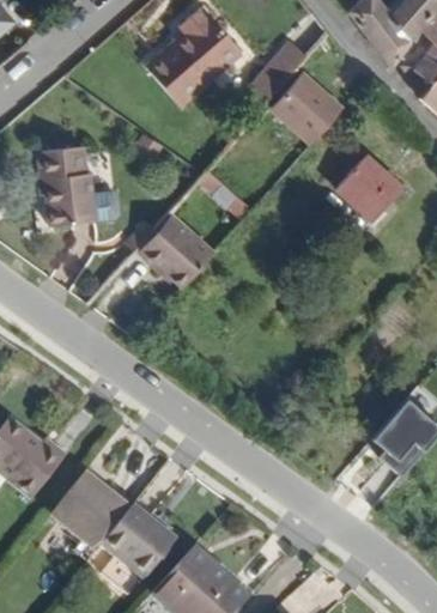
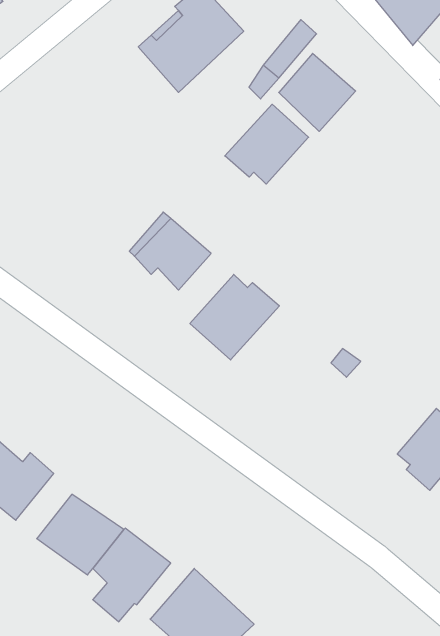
building: none -> [225,104,309,184]
building: [38,147,97,225] -> none
building: [338,151,403,223] -> none
building: none -> [190,274,279,360]

